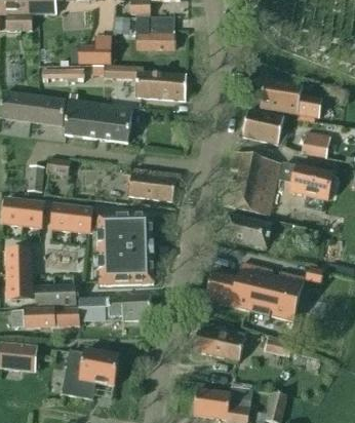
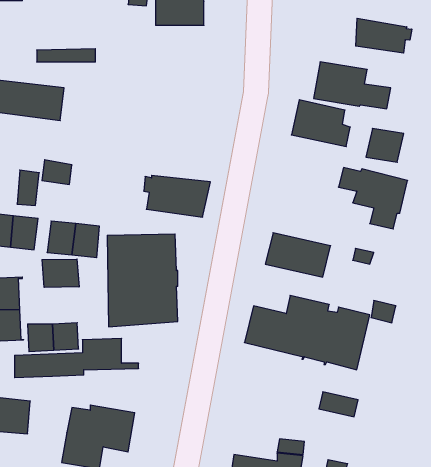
building: [78,35,111,62] -> none
building: none -> [356,18,412,53]
building: [105,66,186,100] -> none
building: [64,98,132,142] -> none
building: [222,150,281,215] -> none
building: none -> [42,259,79,287]
building: [109,295,151,319] -> none
building: [193,322,245,360] -> none

